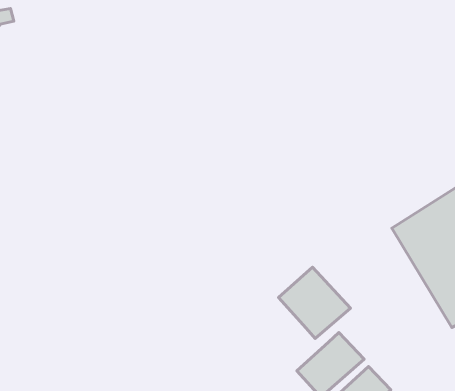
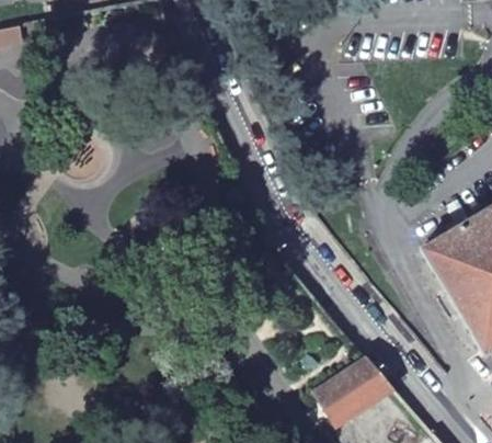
building: [278,267,350,338] -> none

